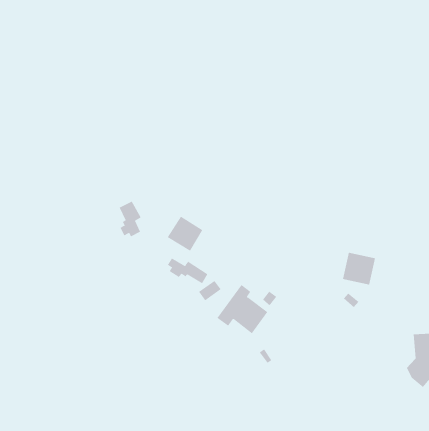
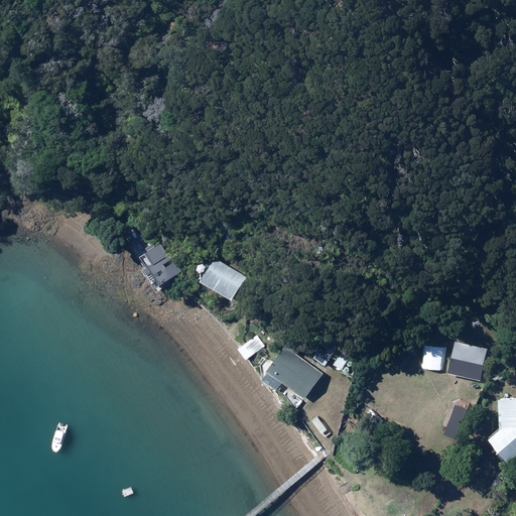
building: [342,252,376,285] -> [448,342,489,381]
building: [167,258,208,284] -> none

